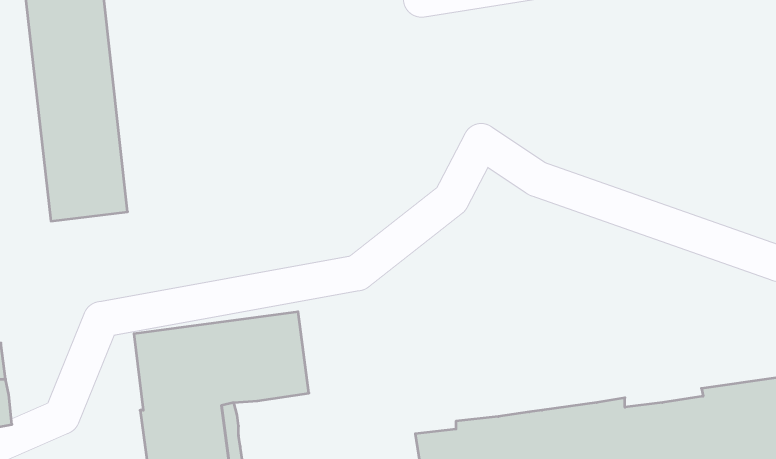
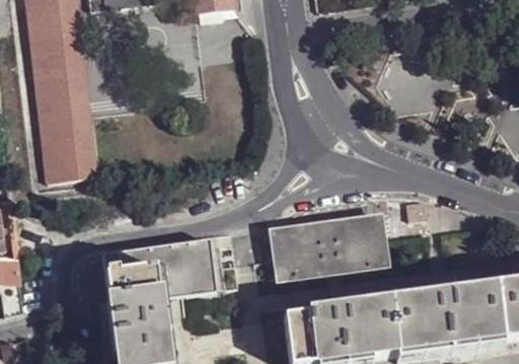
building: none -> [273,213,385,275]

